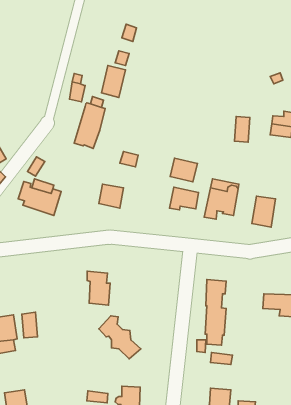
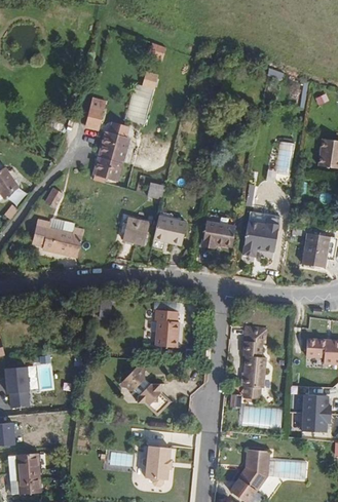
building: [170,158,198,182] -> [154,217,185,243]
building: [87,271,110,305] -> [153,310,179,348]
building: none -> [301,395,333,432]

